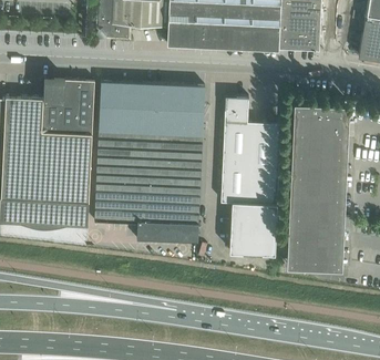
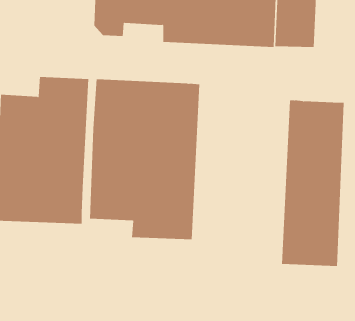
building: [220,96,280,255] -> none

